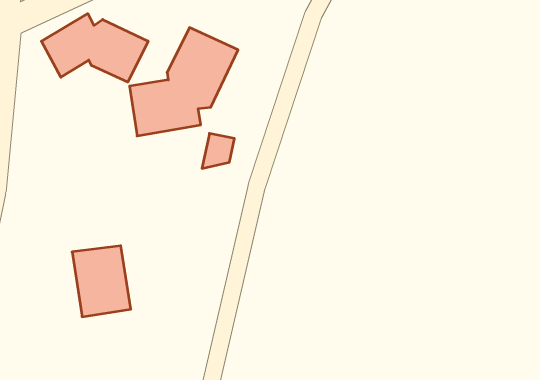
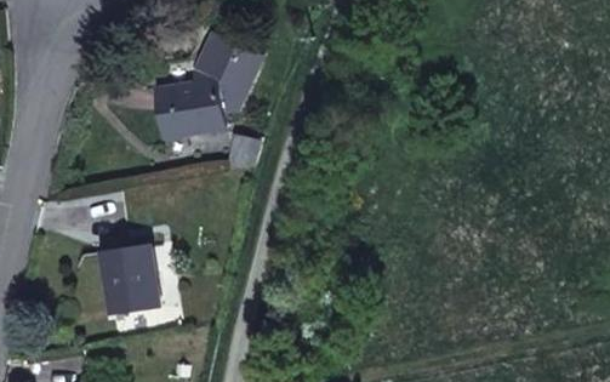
building: [41,14,148,82] -> none

